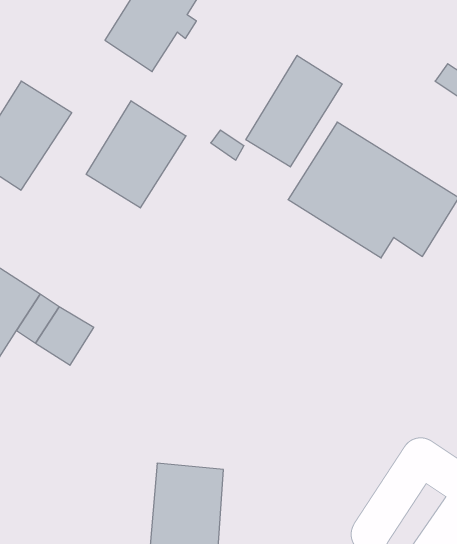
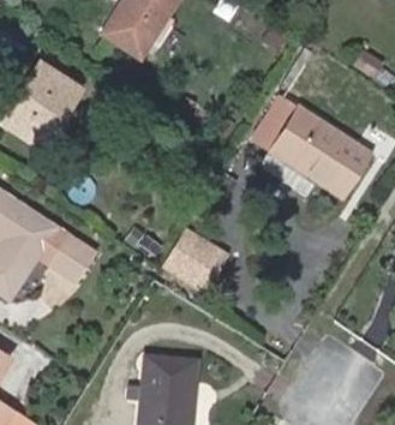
building: [246,55,342,167] -> none
building: [86,101,186,208] -> none
building: none -> [164,228,226,287]

